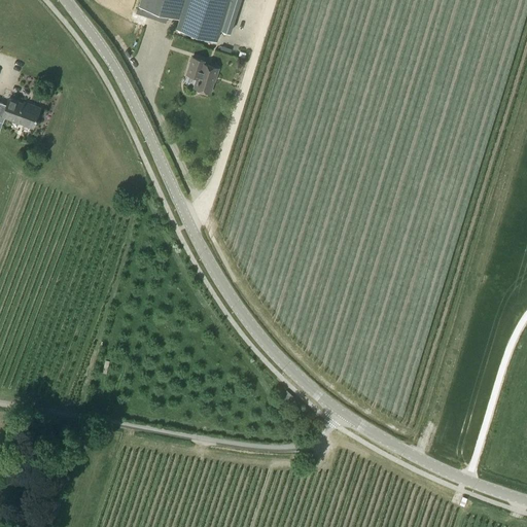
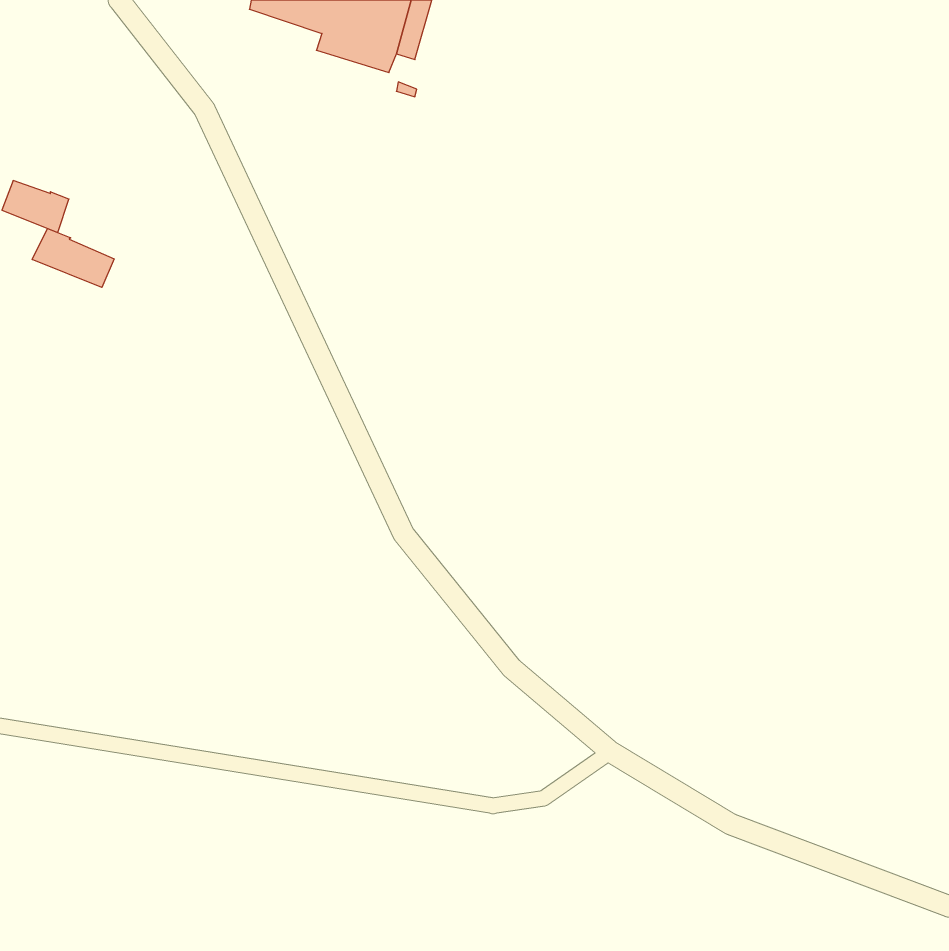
building: [185,59,217,94] -> none
building: none -> [32,229,114,287]

